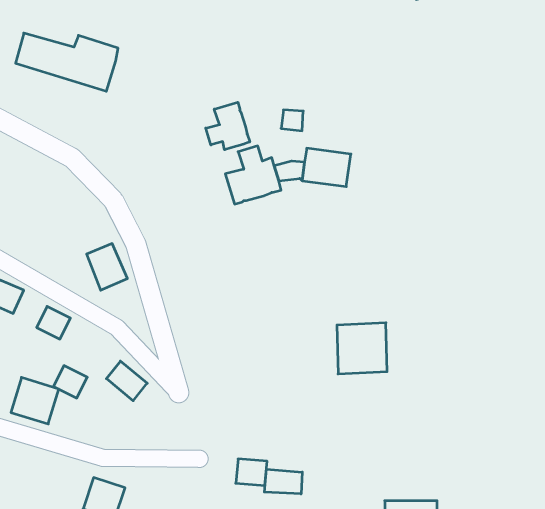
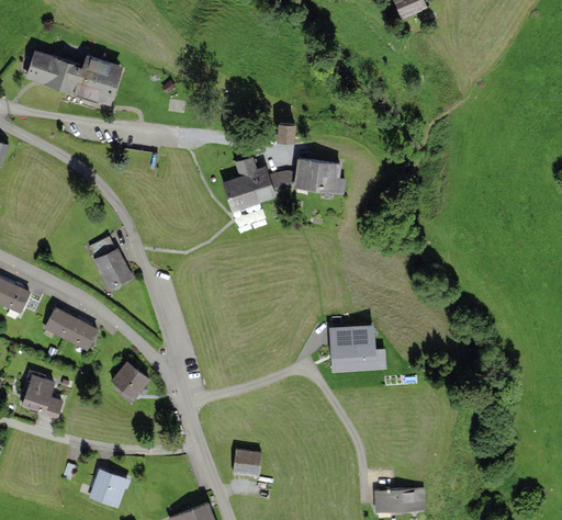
building: [206,102,250,150] -> none
building: [54,366,87,398] -> [67,318,99,349]
building: [264,469,302,494] -> none

